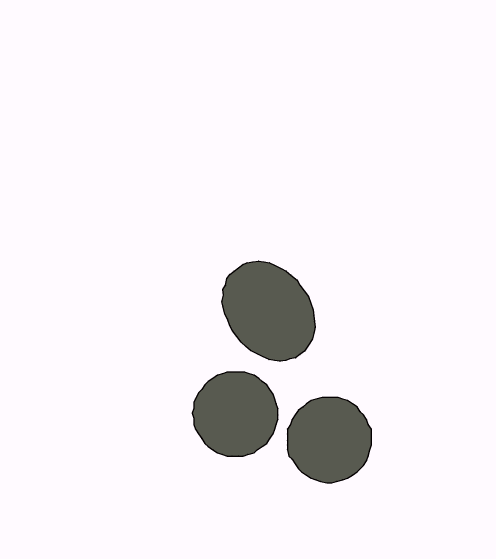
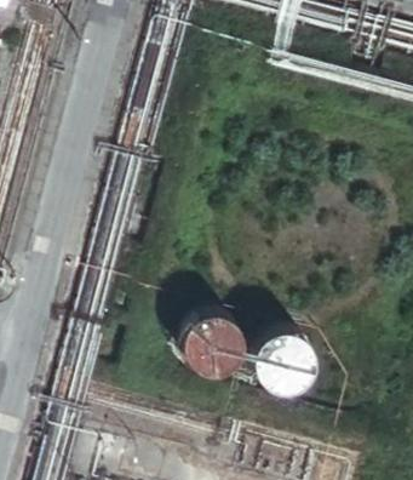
building: [222,261,315,361] -> none

